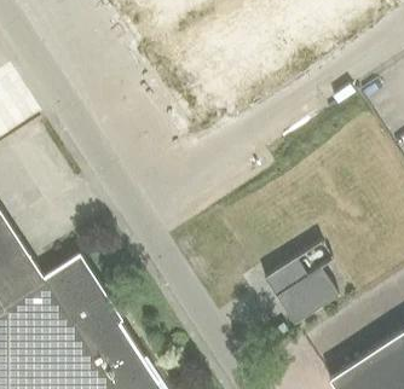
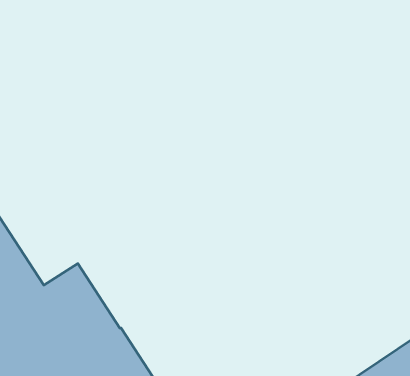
building: [266,244,340,325] -> none

